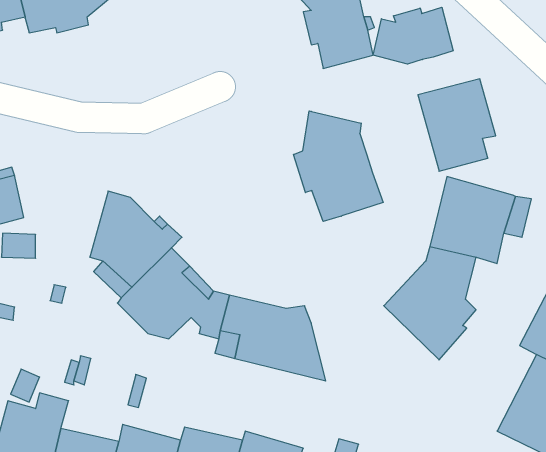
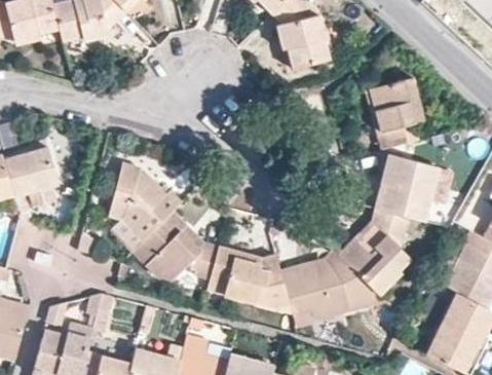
building: [373,7,453,64] -> none
building: [294,111,383,221] -> none
building: none -> [281,249,387,321]

